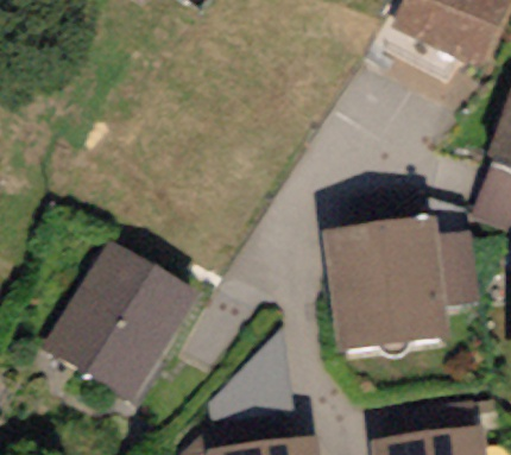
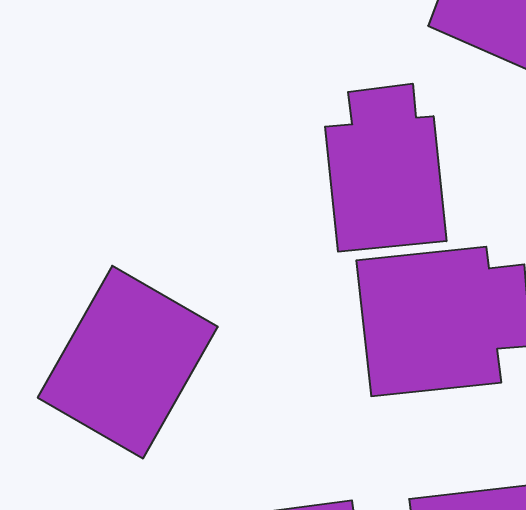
building: none -> [325,84,446,252]

